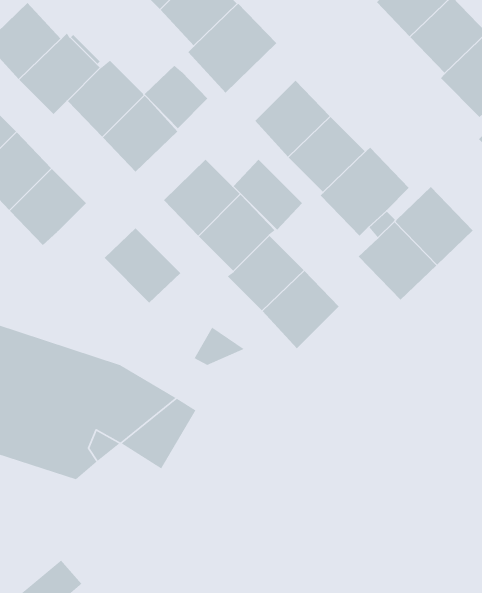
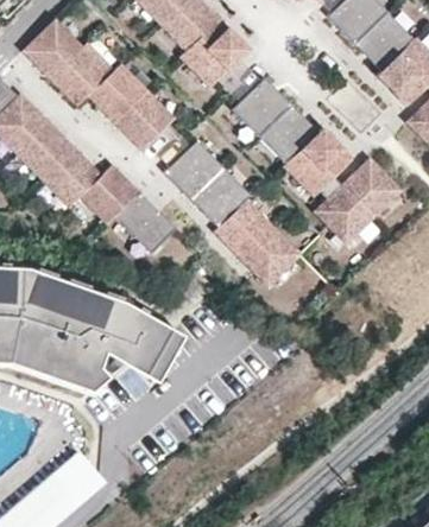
building: [144,65,208,129] -> none
building: [233,159,303,230] -> none
building: none -> [78,163,139,224]

